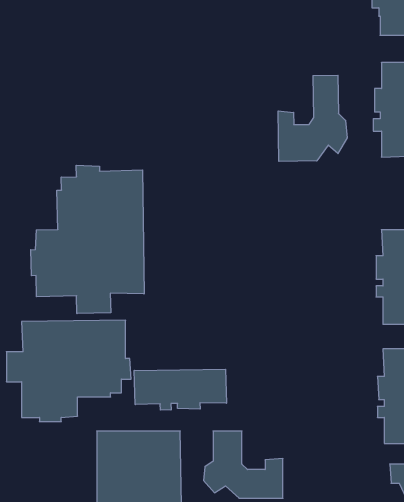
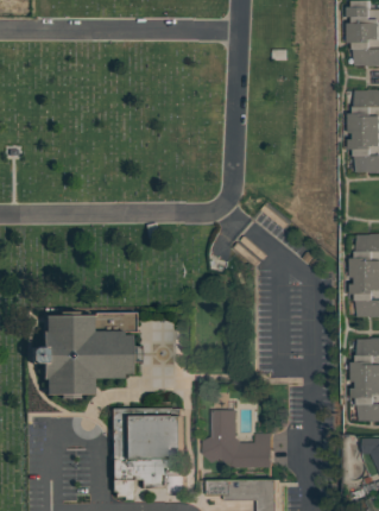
building: [278,75,347,161] -> none
building: [31,165,144,314] -> none
building: [134,369,226,410] -> none

